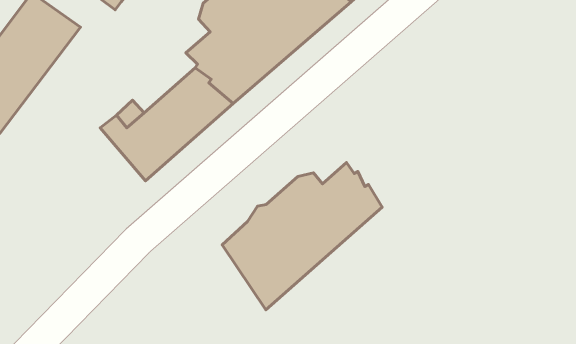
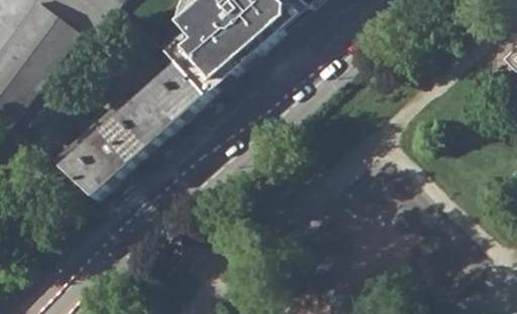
building: none -> [53,118,132,197]
building: [222,163,382,310] -> none

